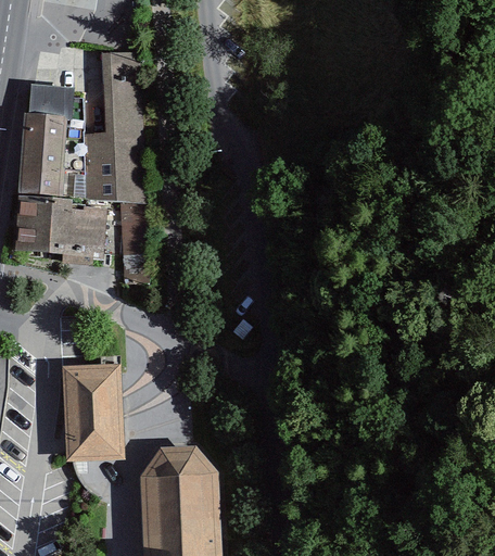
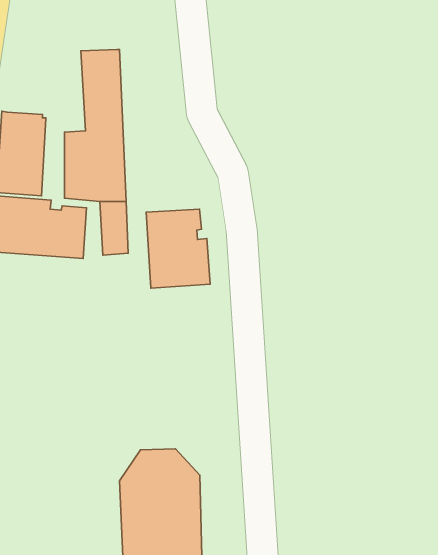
building: [28,84,73,121] -> none
building: none -> [146,209,210,288]
building: [62,362,124,460] -> none

